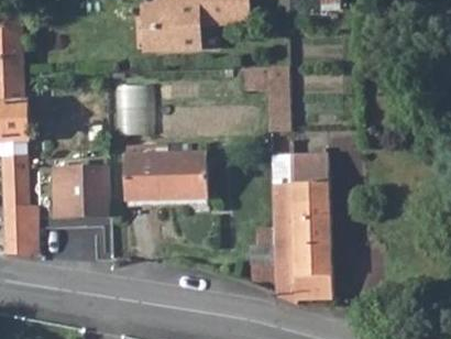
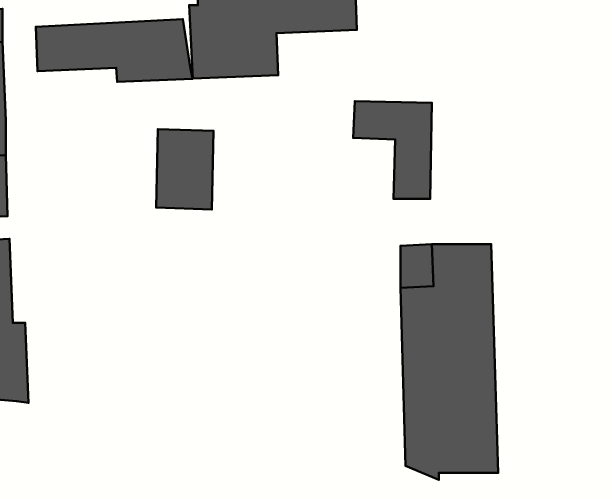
building: none -> [36,19,192,82]
building: [125,153,208,206] -> none
building: [53,166,109,219] -> none

